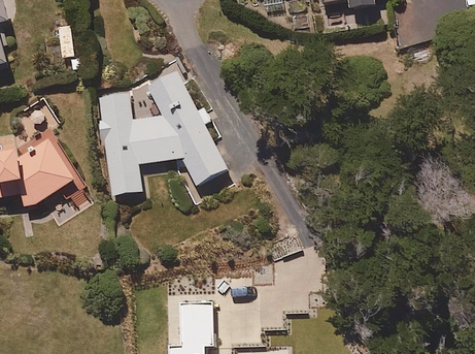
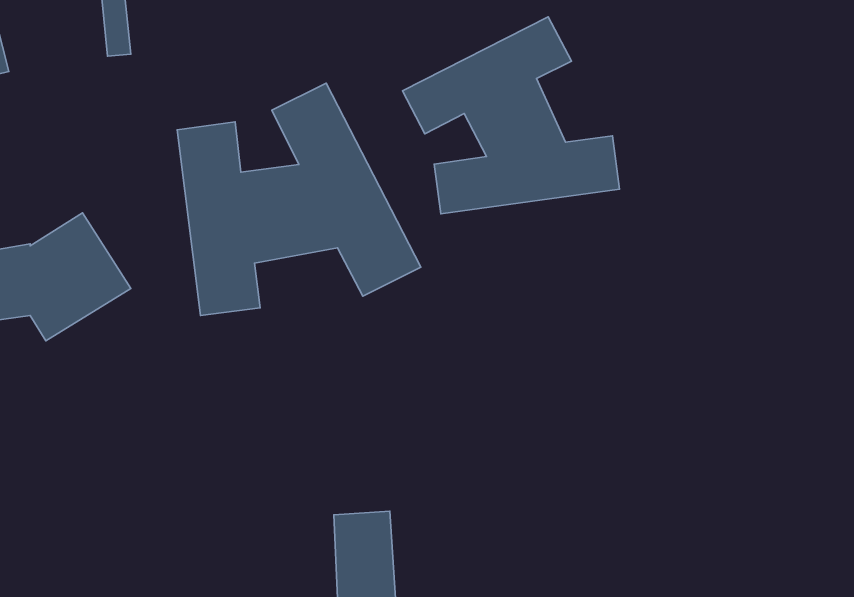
building: none -> [402,17,620,214]

